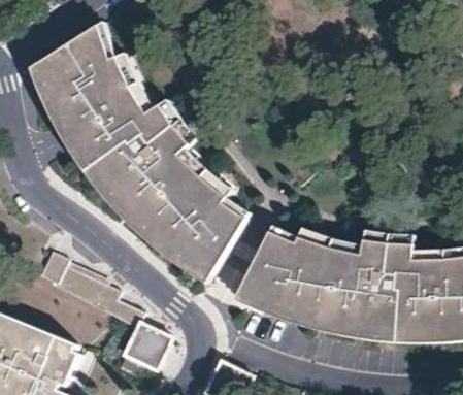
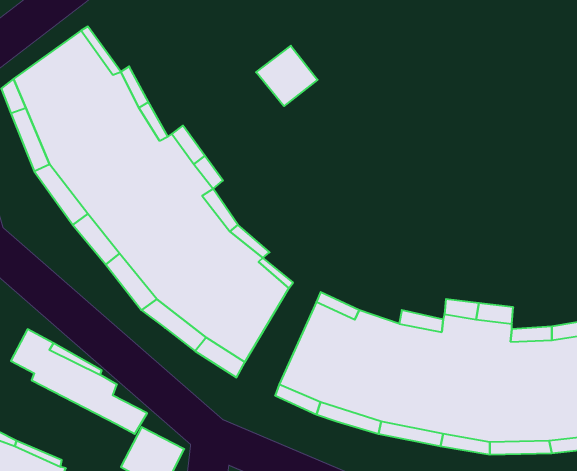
building: none -> [256,46,318,106]

